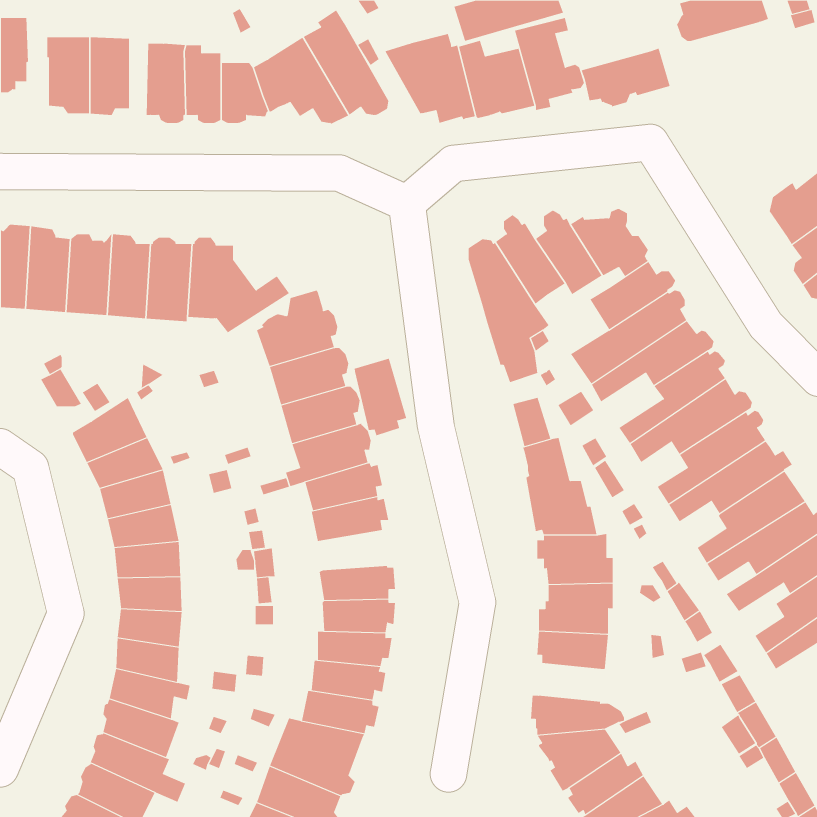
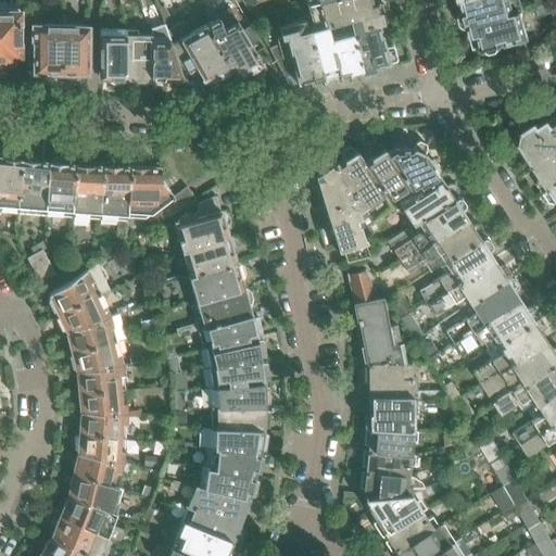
building: [581,48,671,107] -> [469,14,530,54]
building: [354,358,407,436] -> none
building: none -> [216,361,268,388]
building: none -> [363,451,412,477]

